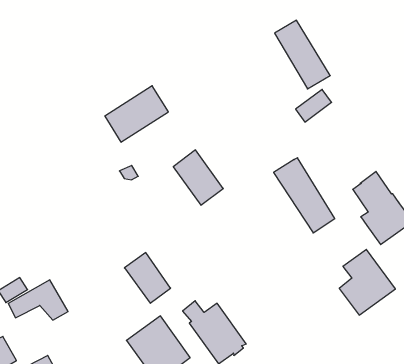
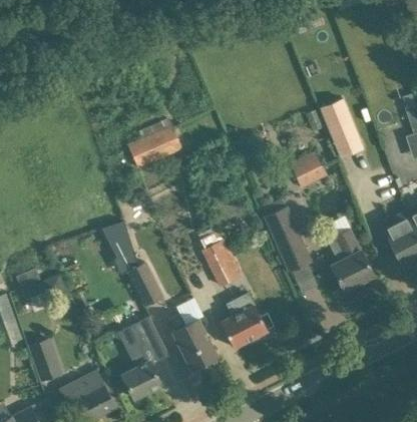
building: [275,20,330,89] -> [320,99,361,158]
building: [173,150,223,205] -> [203,241,243,288]
building: none -> [102,221,133,258]
building: [339,249,395,315] -> [221,293,268,347]

